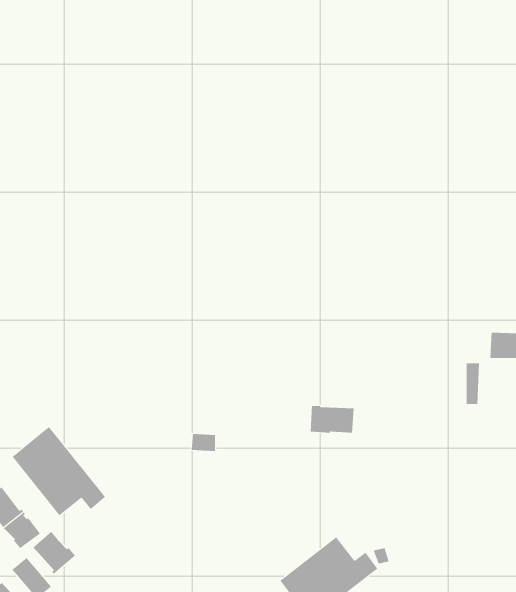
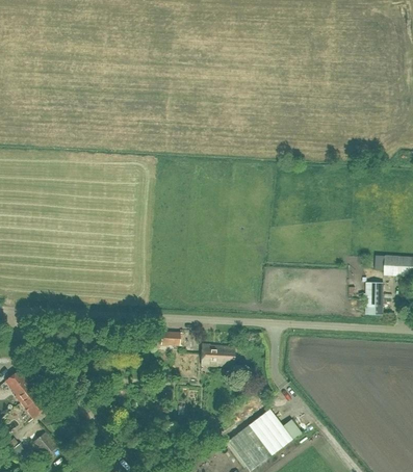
building: [310,405,354,433] -> [201,345,234,366]
building: [12,426,106,516] -> none
building: [32,531,76,575] -> none

